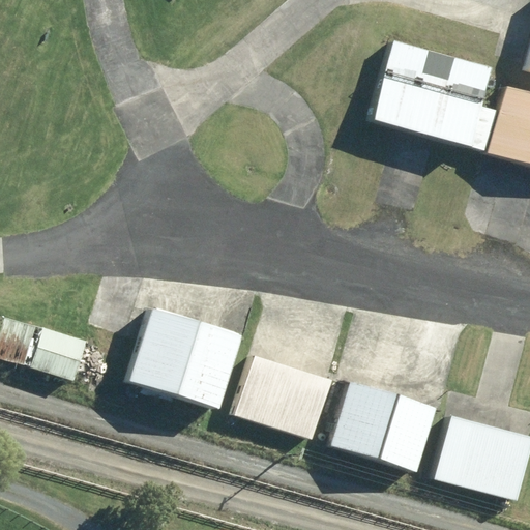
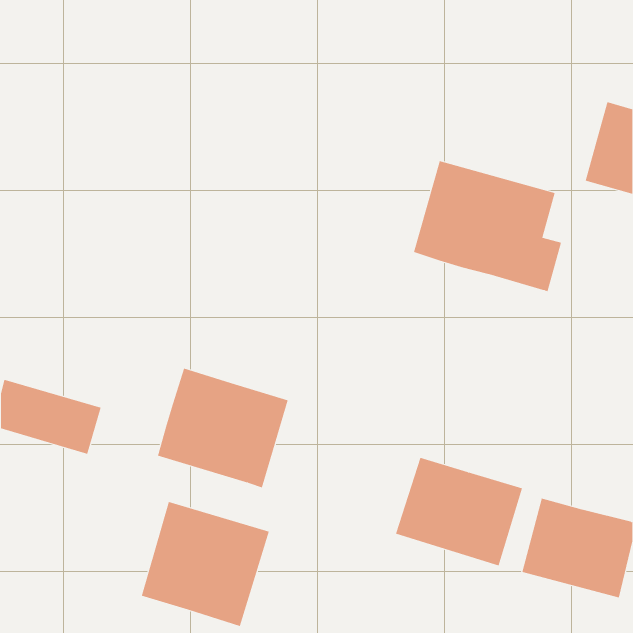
building: [373,41,497,151] -> [413,161,562,292]
building: [230,355,331,440] -> none
building: none -> [141,501,270,627]

